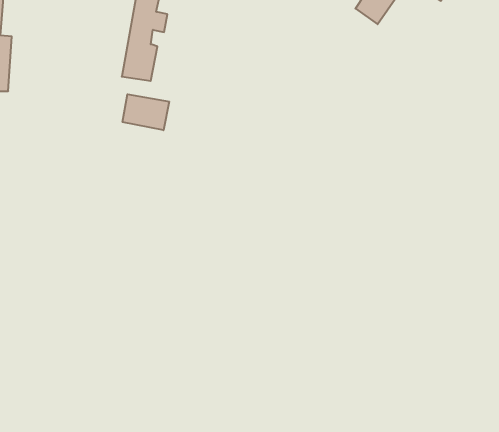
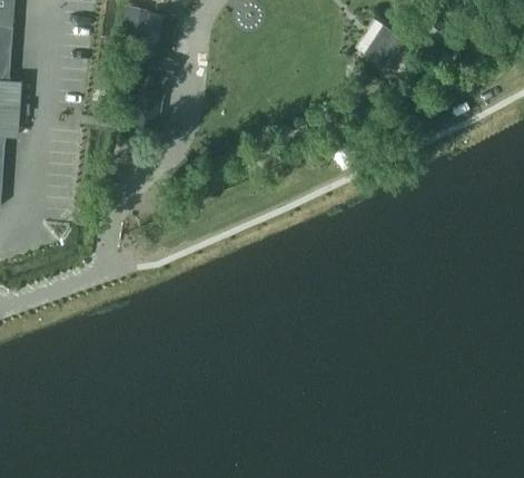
building: [123,94,169,130] -> none

